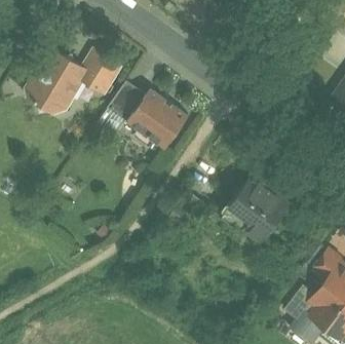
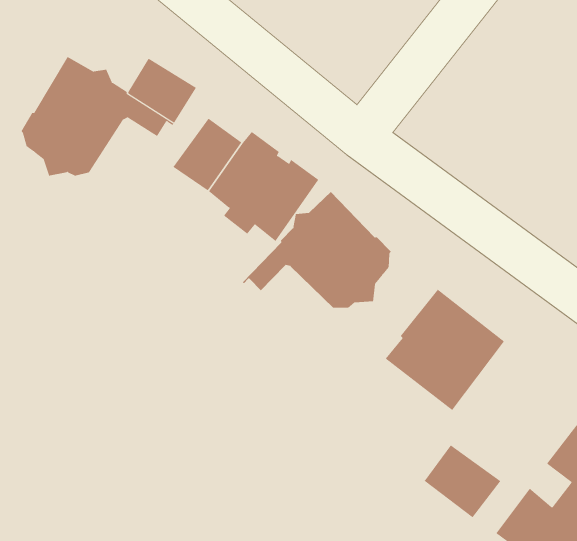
building: none -> [242,191,391,309]
building: none -> [424,445,501,518]

